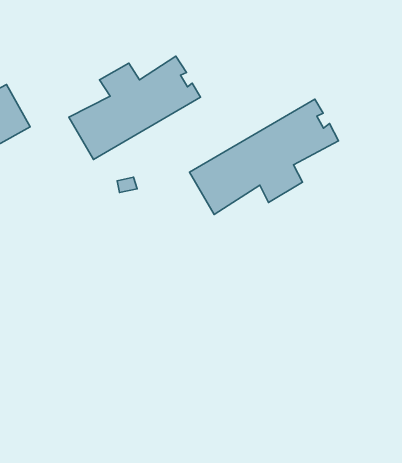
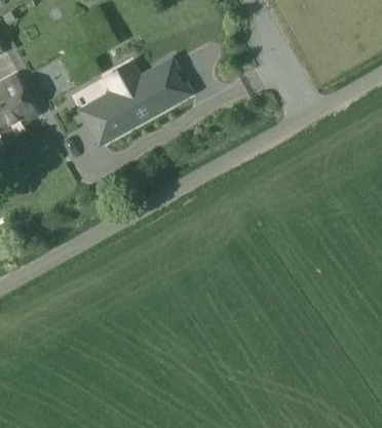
building: [190,99,338,214] -> none

